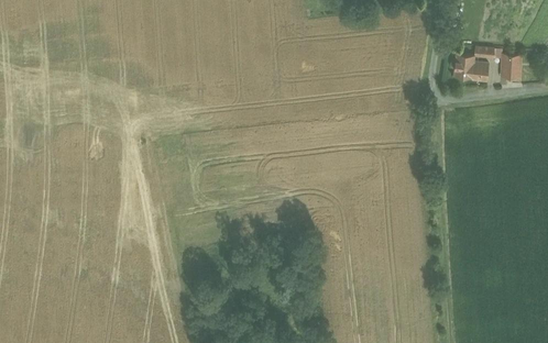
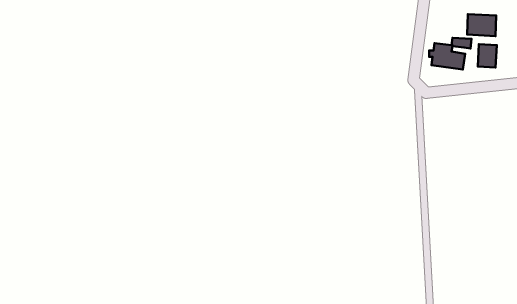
building: none -> [467,14,496,36]

